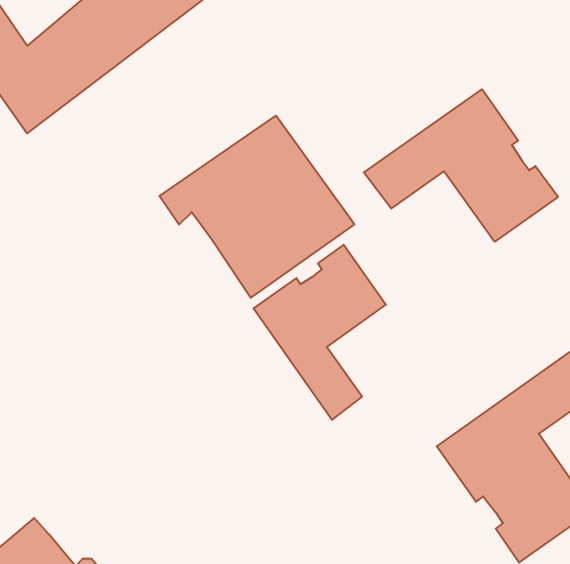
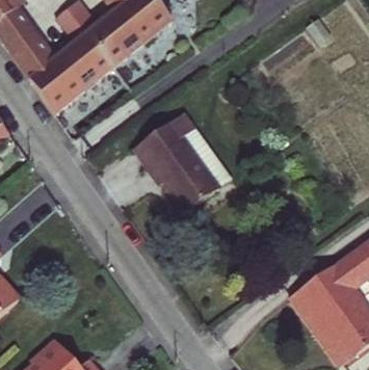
building: [364,89,558,242] -> none
building: [253,245,386,420] -> none

